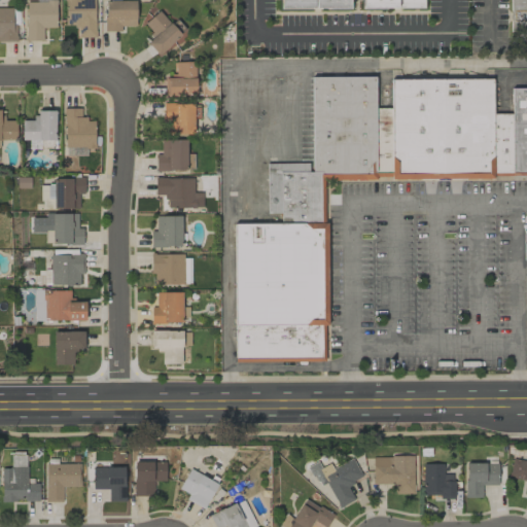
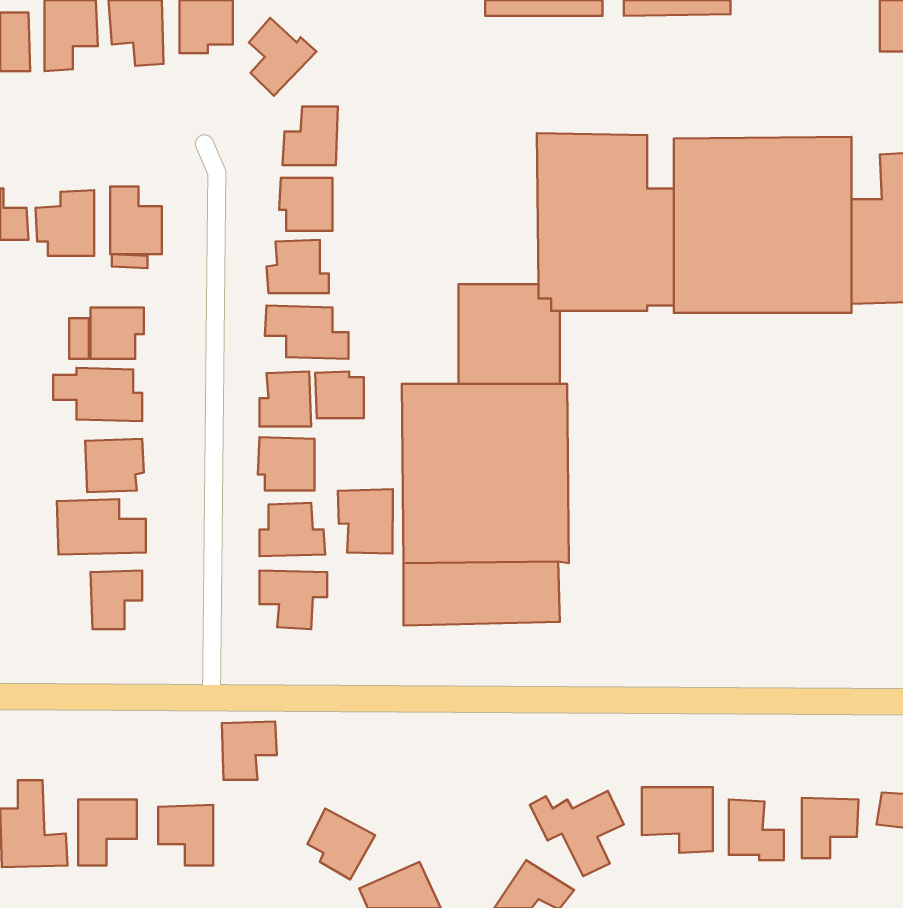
building: none -> [315,371,364,418]
building: none -> [338,489,393,553]
building: [136,461,168,495] -> [222,721,277,780]

